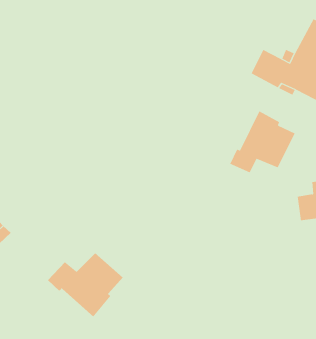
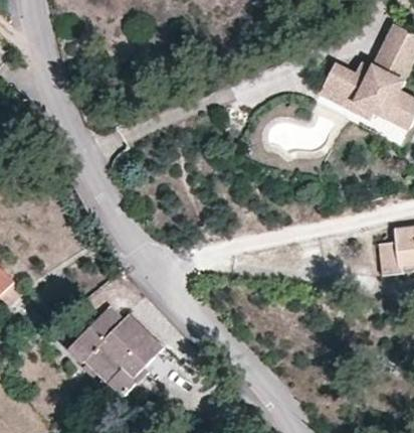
building: [230,111,295,173] -> none

